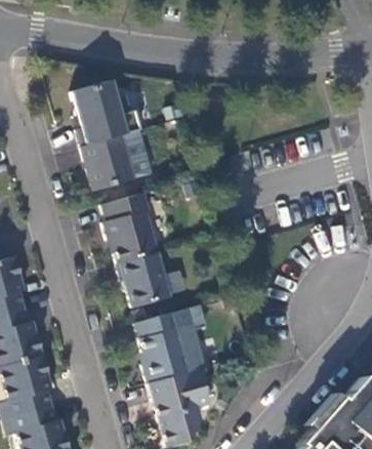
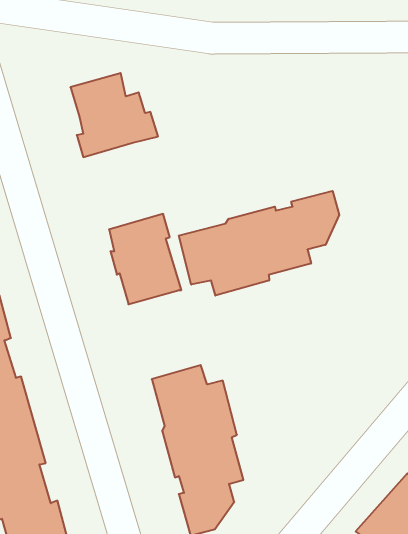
building: [82,134,134,190] -> none
building: none -> [179,191,339,296]
building: [118,251,171,307] -> none

